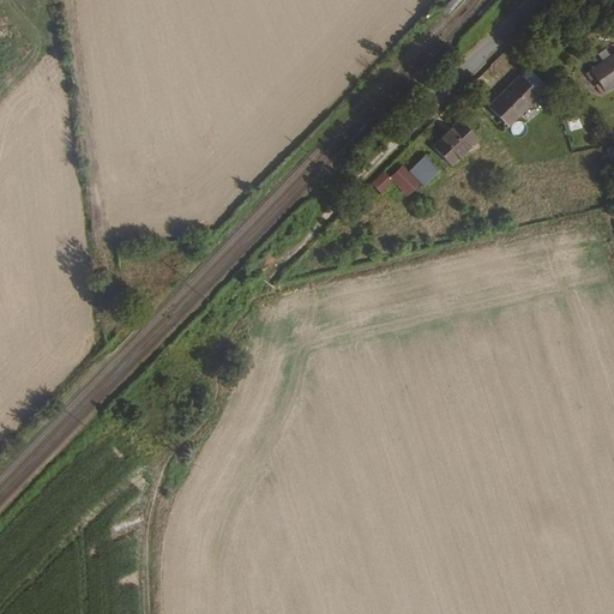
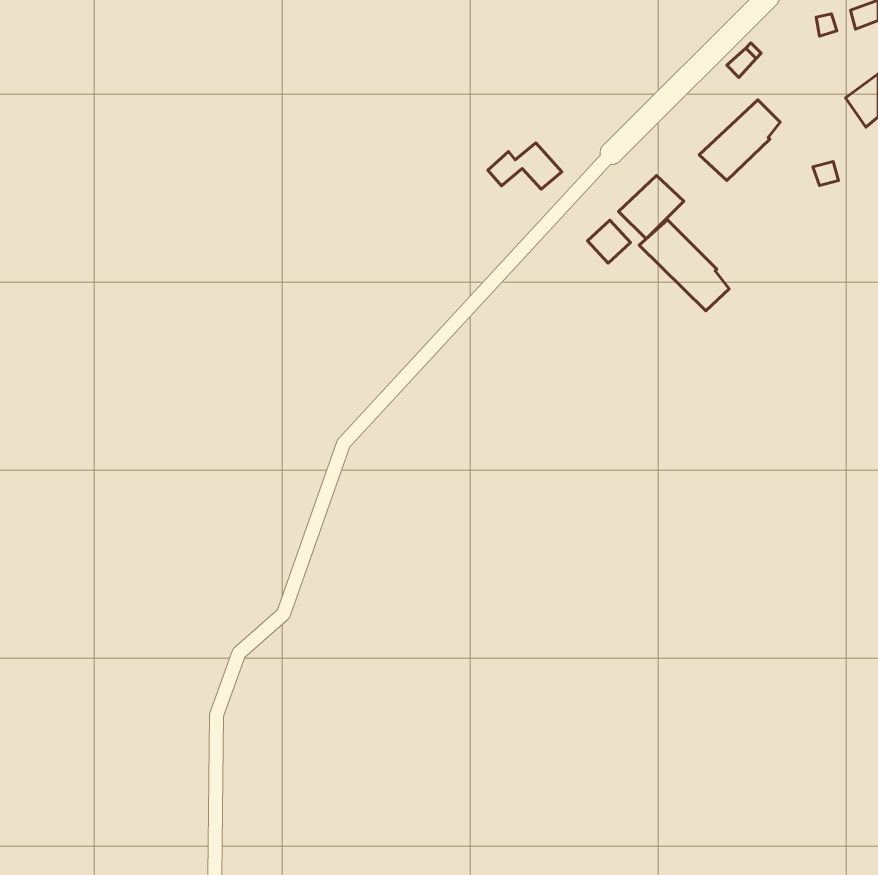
building: none -> [639,220,729,311]
building: [371,162,422,194] -> [488,143,562,189]

